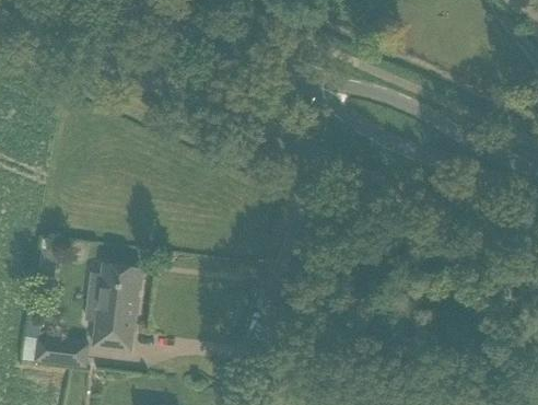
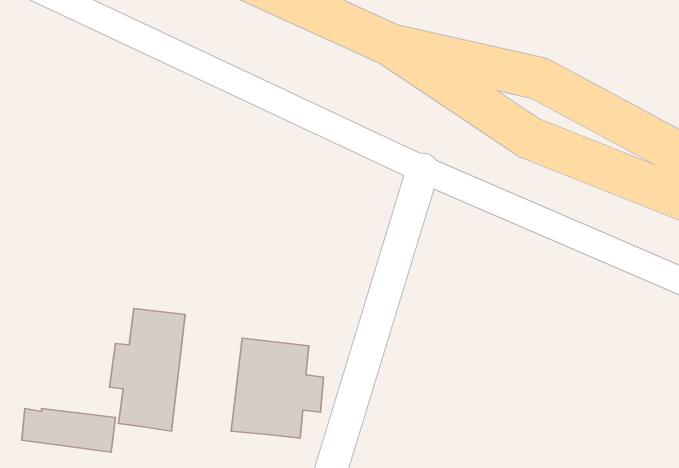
building: none -> [231,338,324,438]

